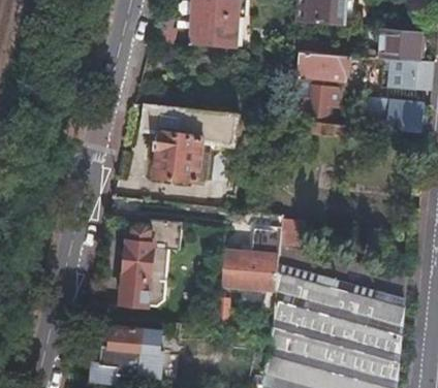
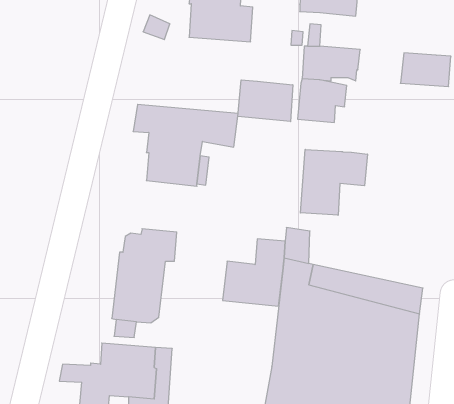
building: [363,28,421,61] -> none
building: none -> [238,80,293,122]
building: [385,101,425,132] -> none
building: none -> [300,149,367,215]

